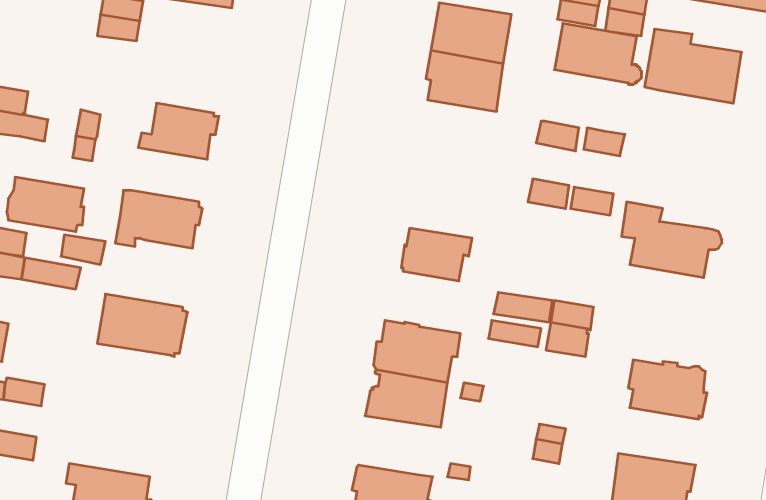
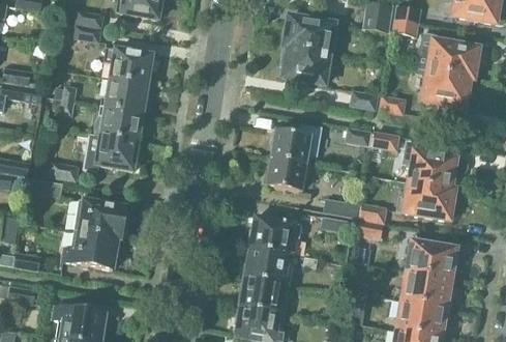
building: [554,23,642,84] -> [422,72,477,110]
building: none -> [103,47,153,86]
building: none -> [270,124,321,165]
building: [7,177,84,232] -> [94,108,143,142]
building: none -> [397,181,455,220]
building: none -> [63,231,122,270]
building: none -> [401,272,452,308]
building: none -> [238,277,290,315]

